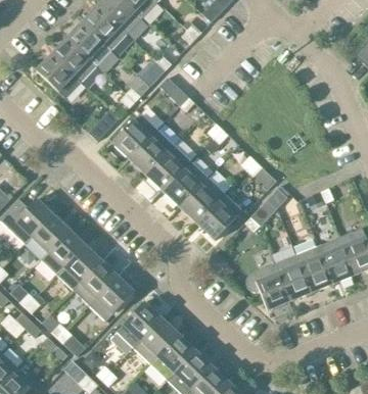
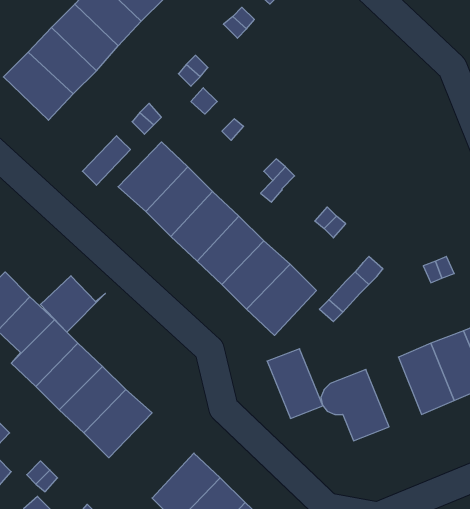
building: none -> [40,276,105,332]
building: [275,254,312,300] -> [267,349,323,418]
building: [117,301,162,347] -> none

